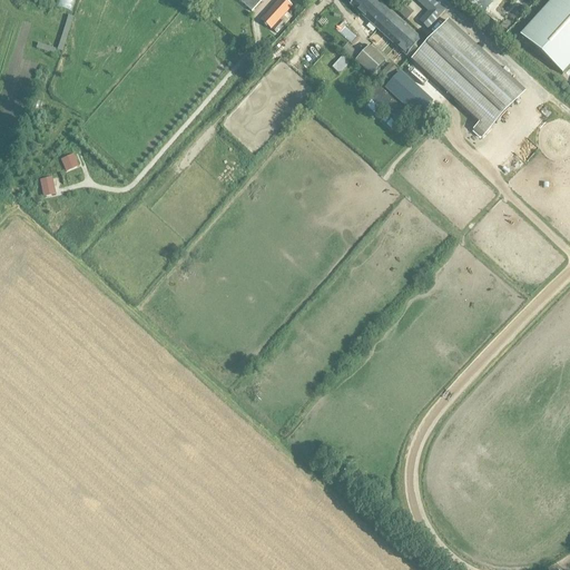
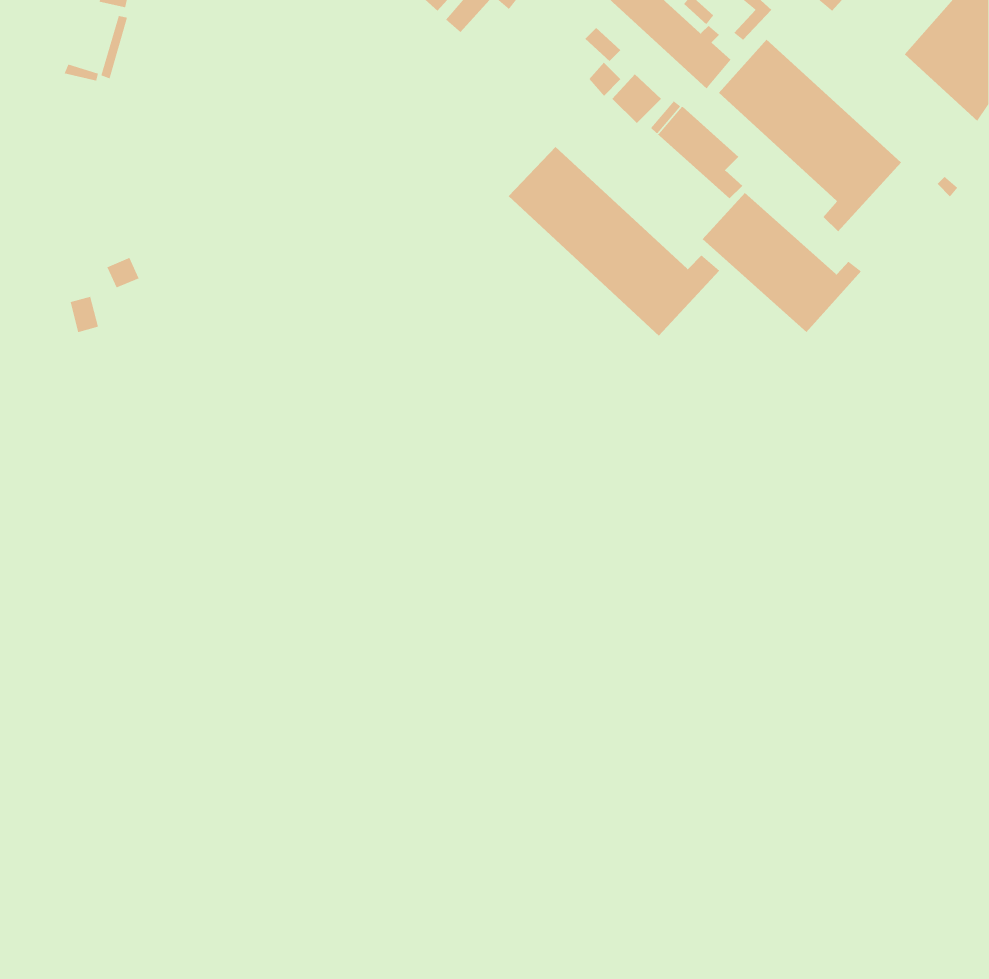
building: none -> [508,146,720,337]
building: none -> [702,192,862,333]

